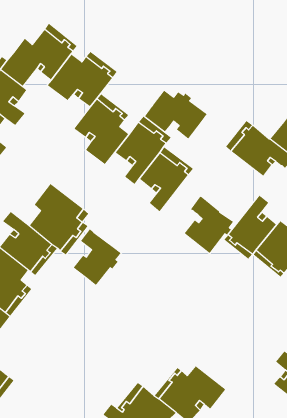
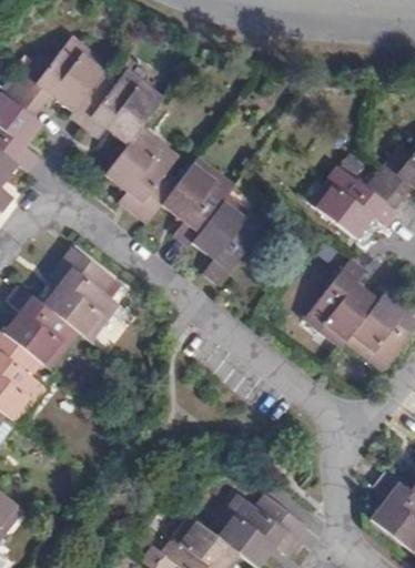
building: [144,90,208,139] -> none
building: [184,196,234,254] -> none
building: [73,229,121,286] -> none

